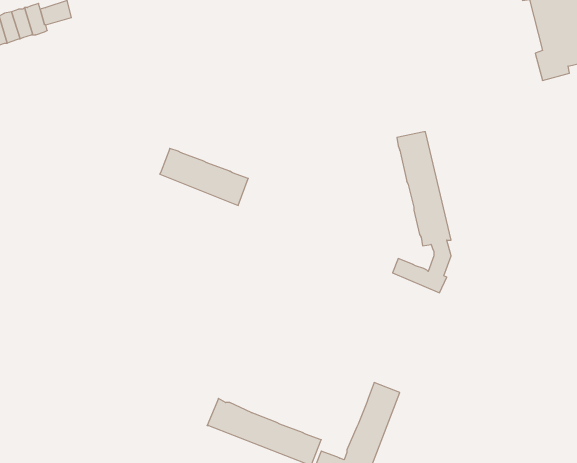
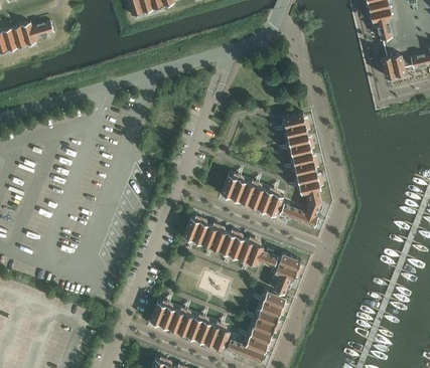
building: [160,148,248,205] -> [221,176,283,216]
building: none -> [183,218,300,296]

